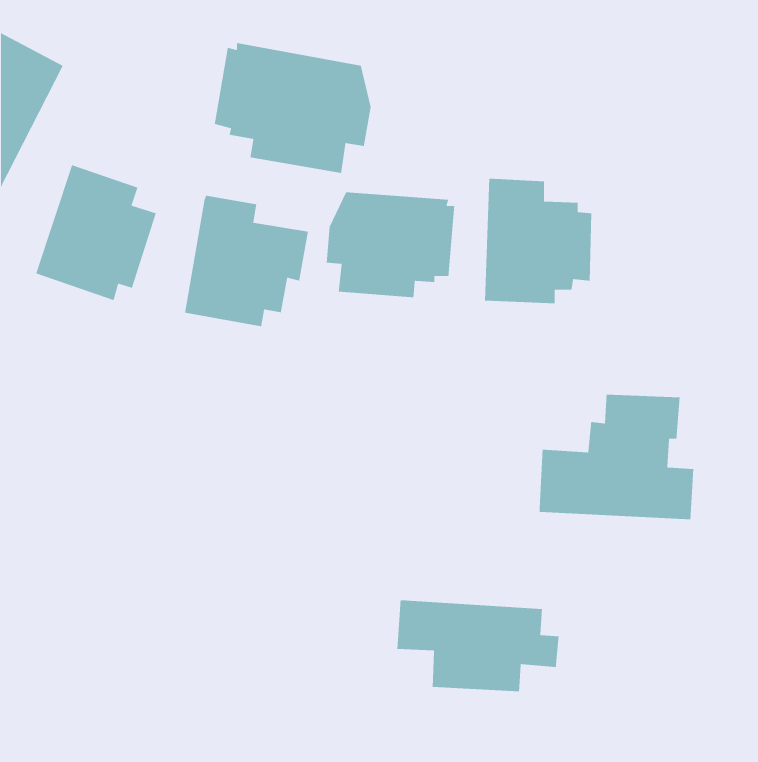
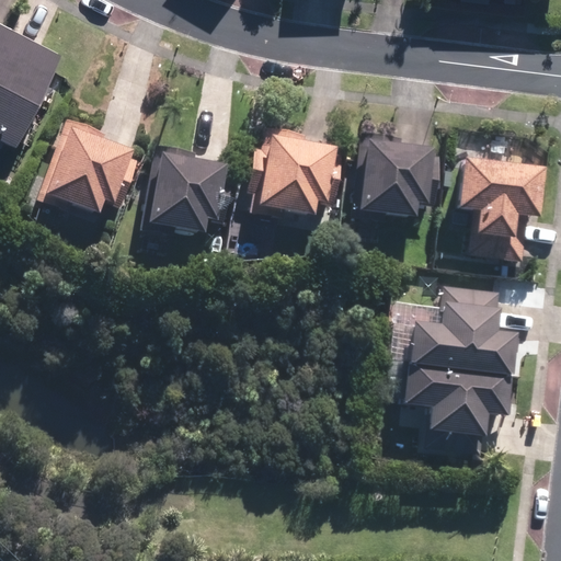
building: [214,42,372,174] -> none
building: none -> [454,160,542,257]
building: [397,599,560,692] -> [399,371,516,438]

